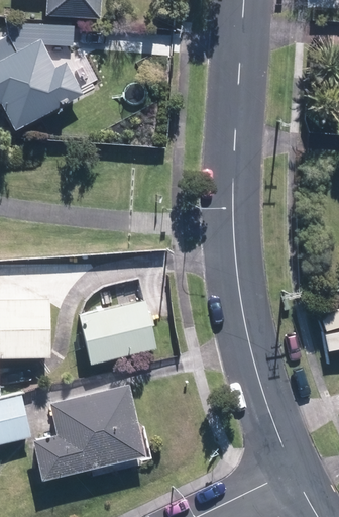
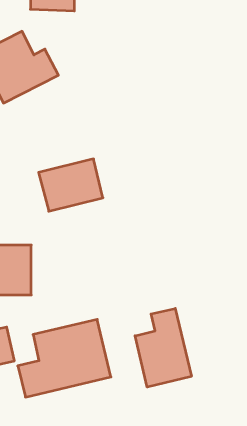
building: [80,301,156,364] -> [39,159,103,211]
building: none -> [135,308,191,387]

